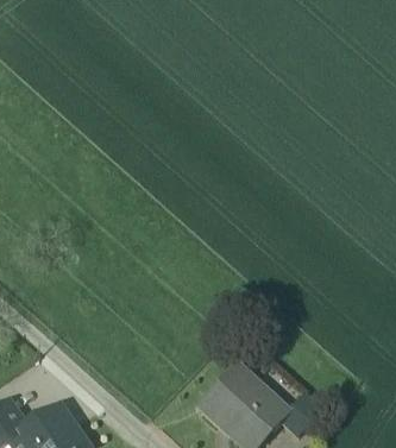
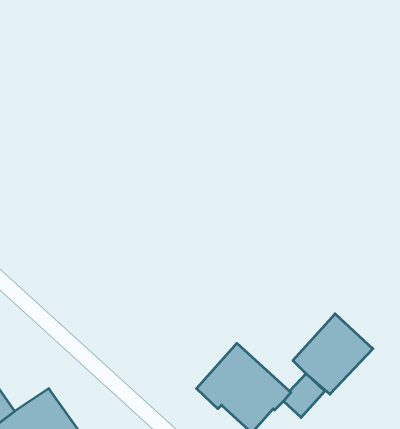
building: none -> [293,314,373,394]

